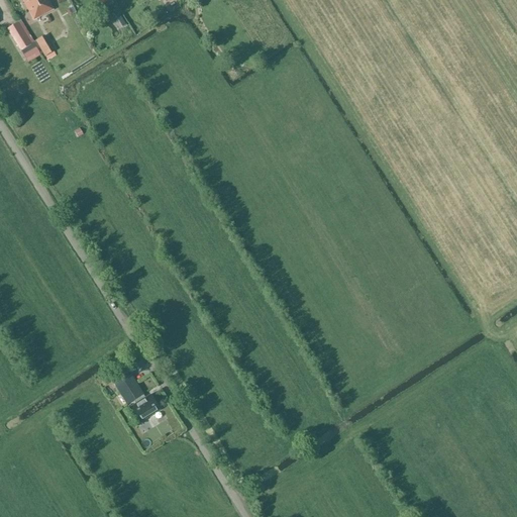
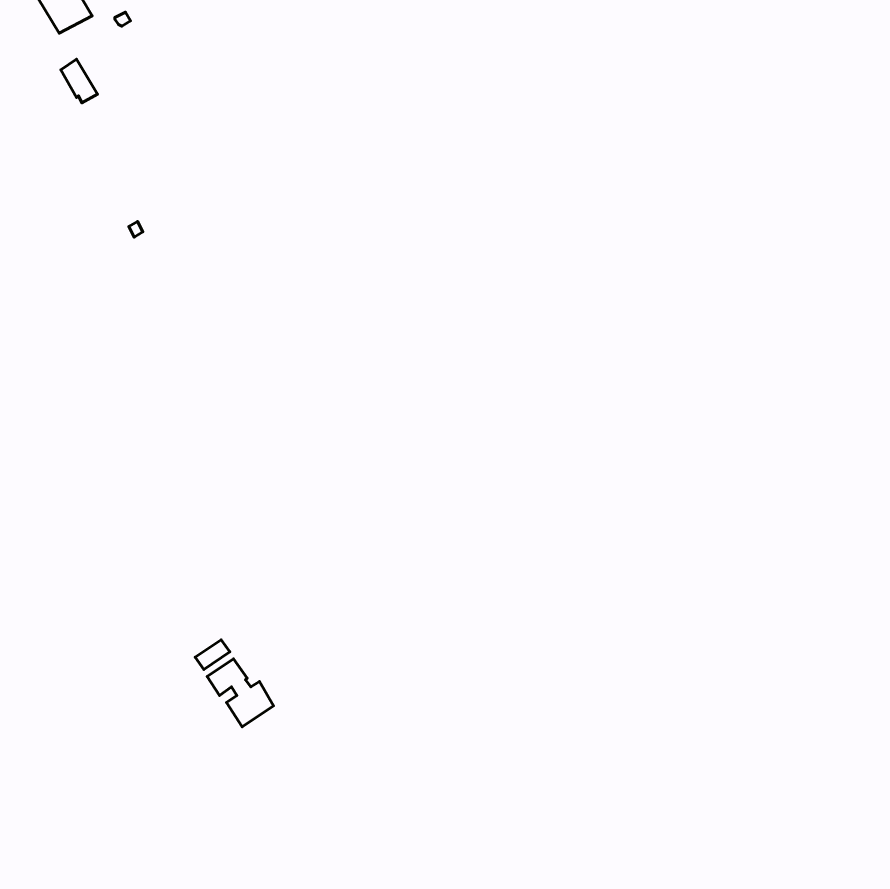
building: [7,21,40,63] -> none

